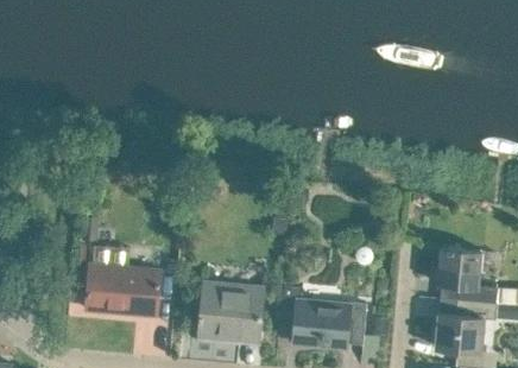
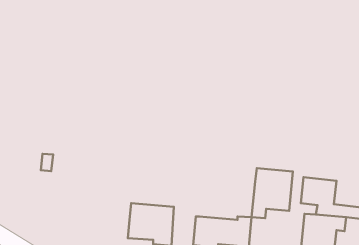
building: none -> [251,168,293,218]
building: [88,266,159,315] -> none

